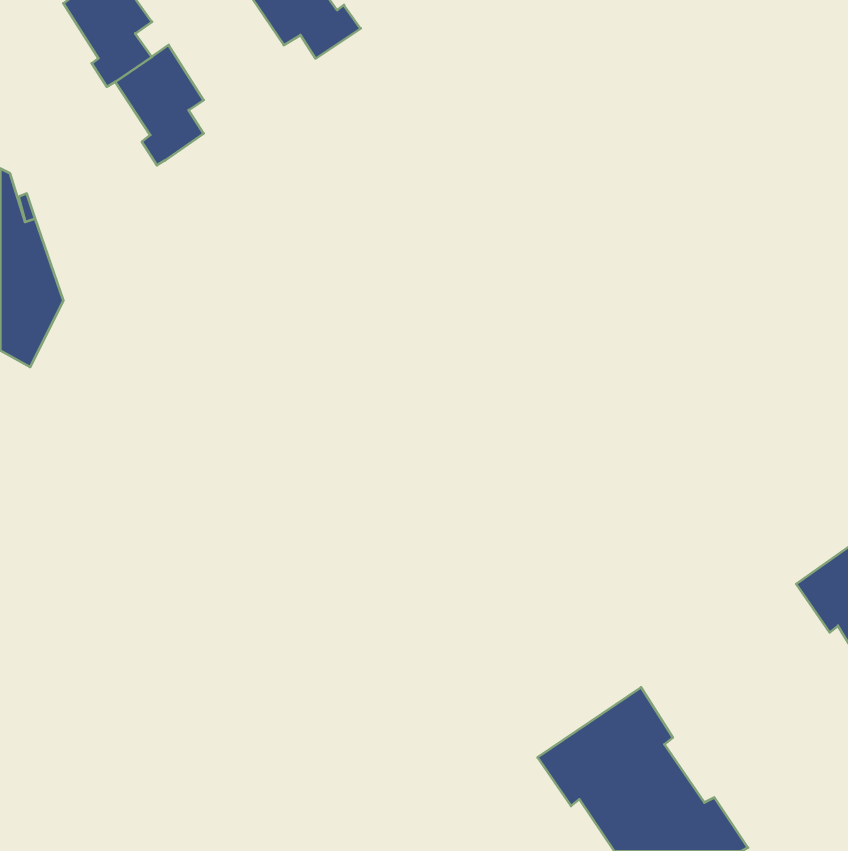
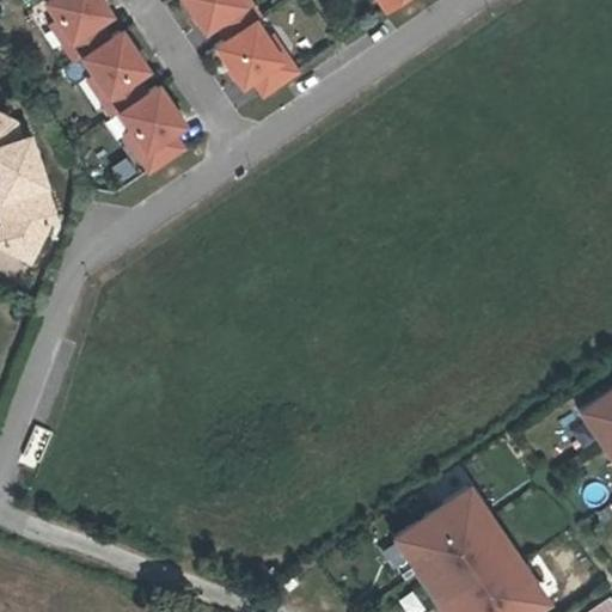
building: none -> [219,24,299,98]
building: none -> [122,88,186,173]

